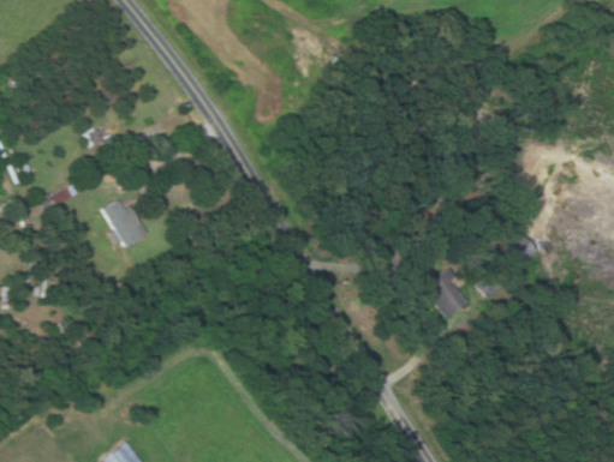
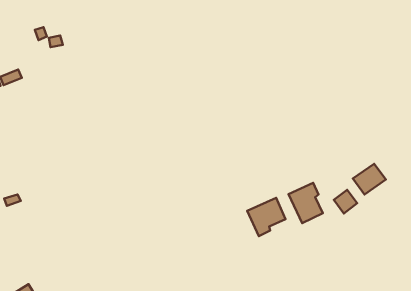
building: [105,200,148,248] -> none
building: none -> [247,198,285,236]

